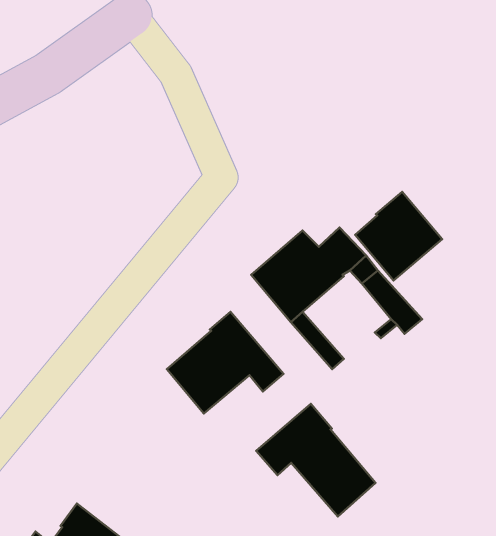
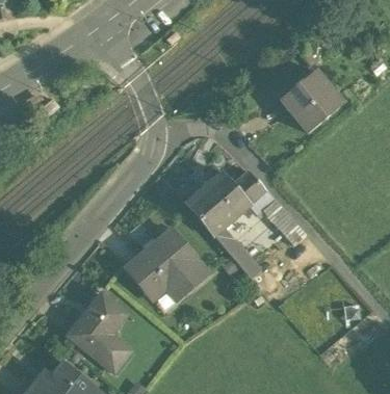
building: [355,192,442,281] -> [282,70,343,132]
building: [256,404,376,516] -> none
building: none -> [69,293,128,371]

